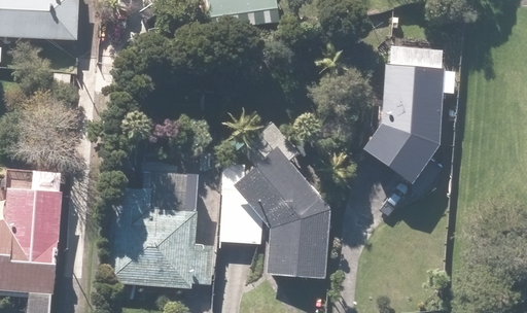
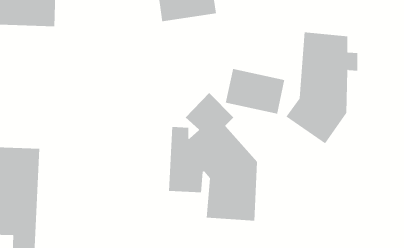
building: none -> [225,68,285,115]
building: [108,169,212,285] -> none

